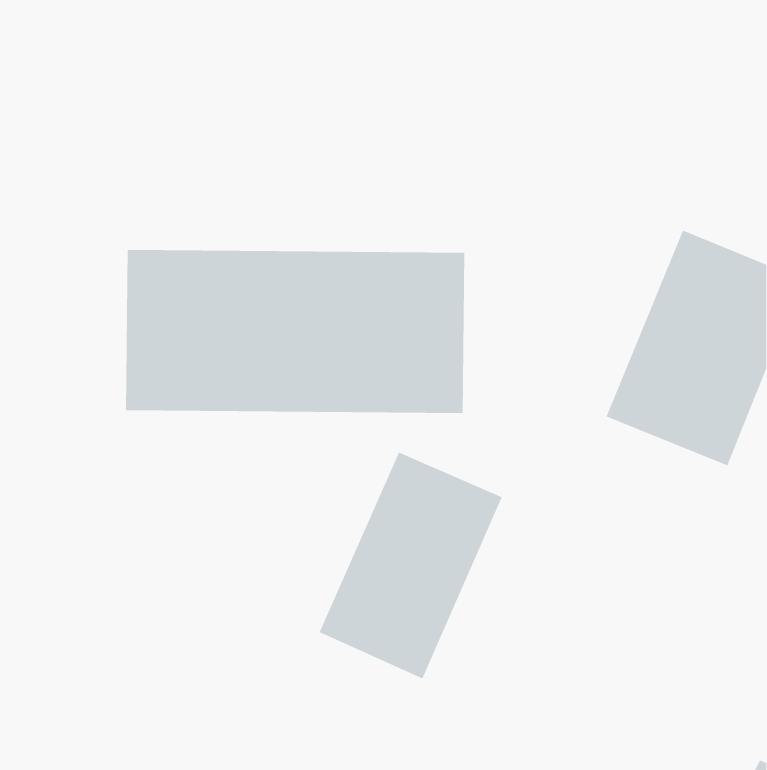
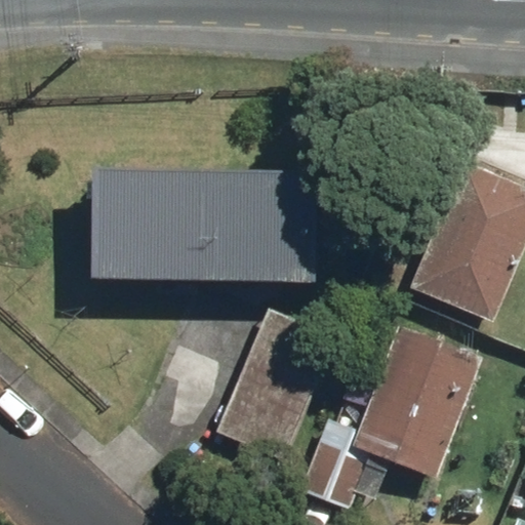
building: none -> [304,324,482,513]

